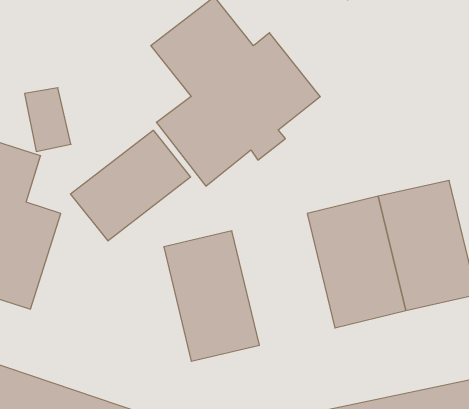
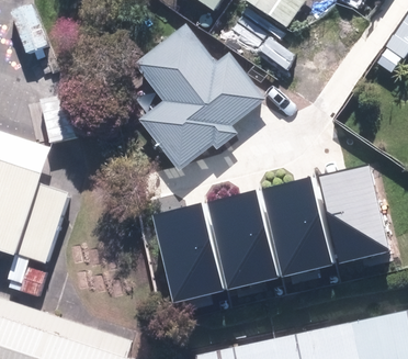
building: [70,130,191,241] -> none
building: none -> [197,190,275,290]

